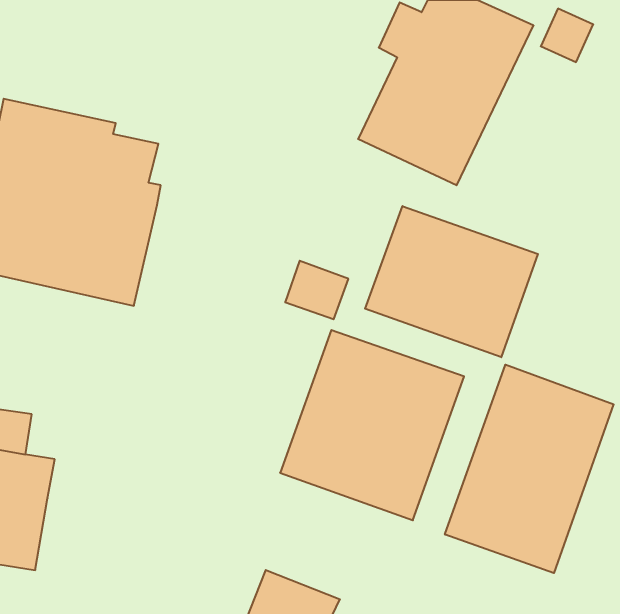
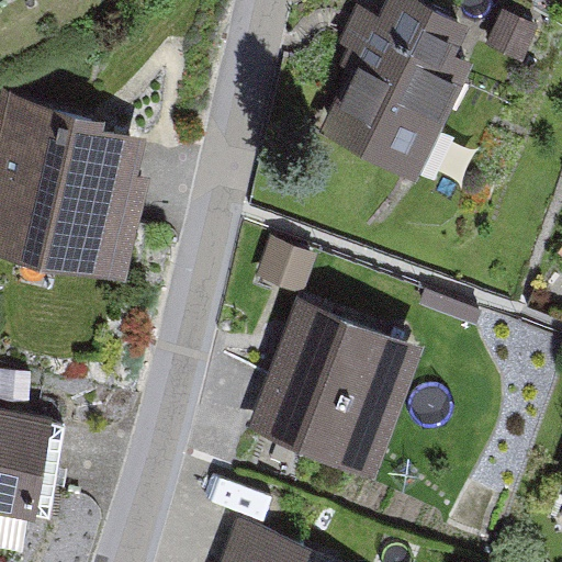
building: [365,206,538,357] -> none
building: [445,365,614,573] -> none

